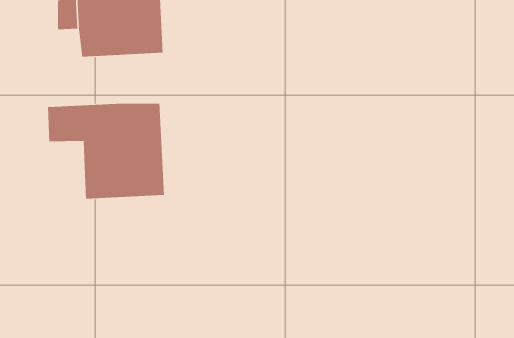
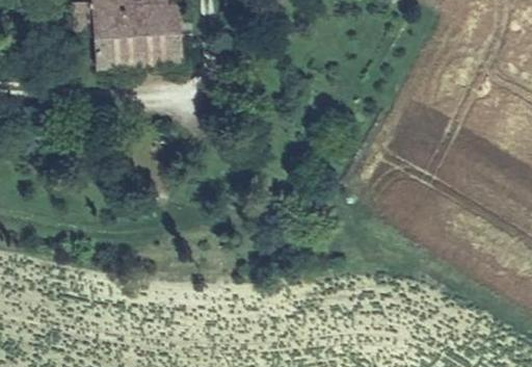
building: [48,103,165,200] -> none

